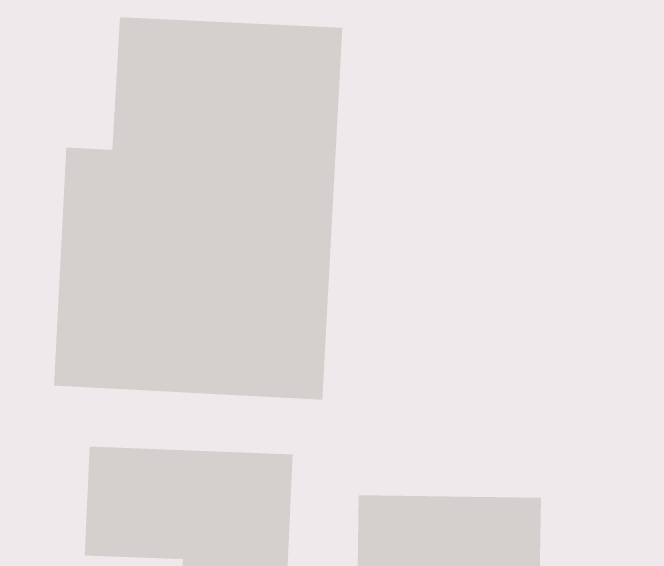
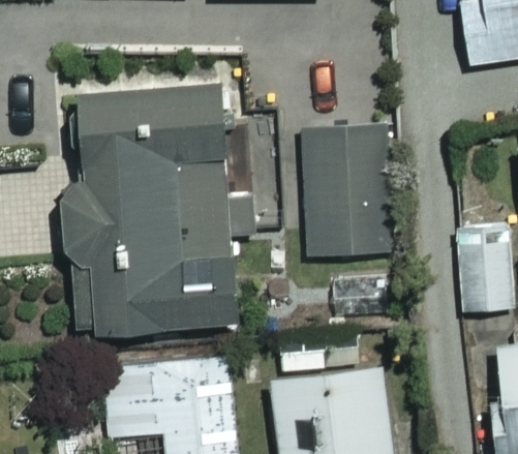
building: none -> [296,124,390,258]

